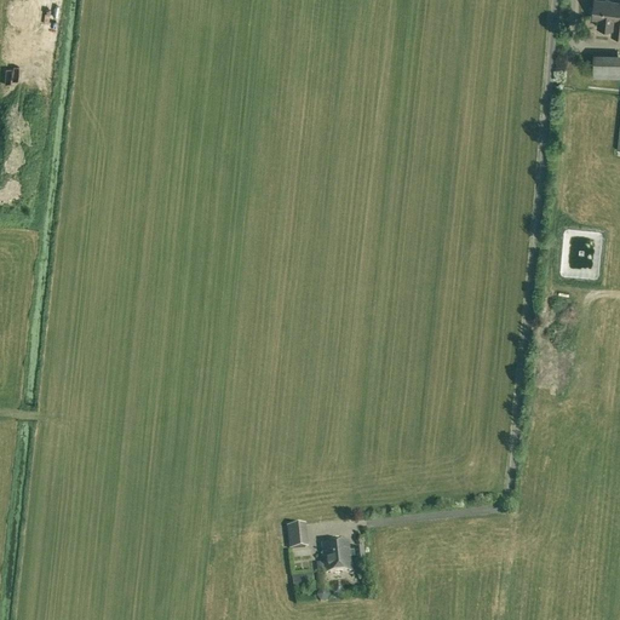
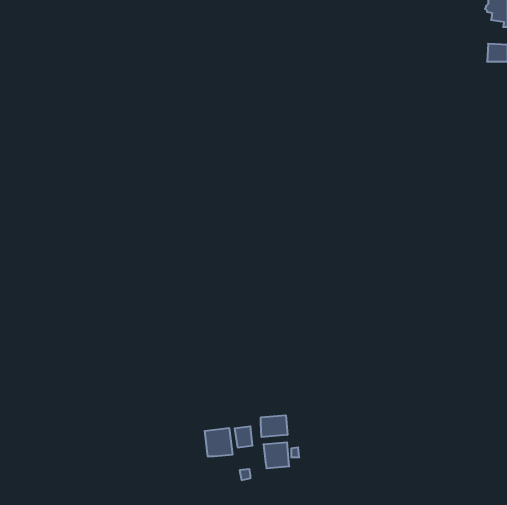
building: none -> [261,415,287,437]
building: none -> [205,428,232,457]

